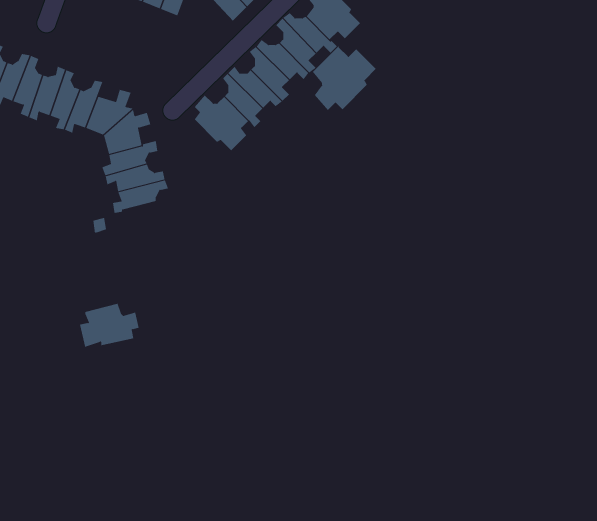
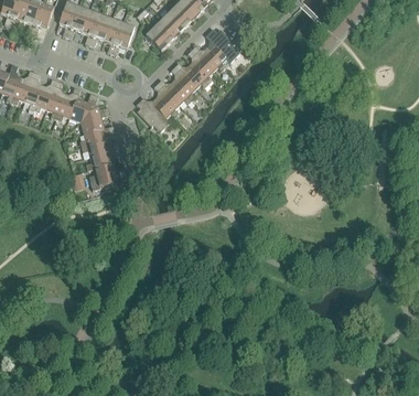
building: [312,45,377,111] -> none
building: [79,303,140,347] -> [88,162,126,190]

